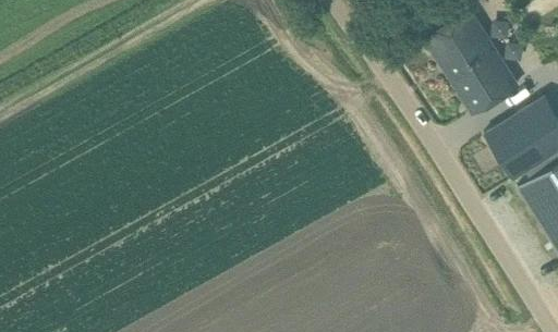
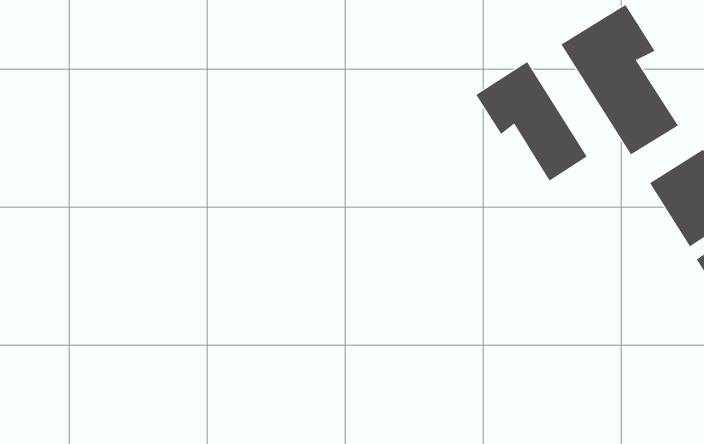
building: none -> [476,61,587,182]

